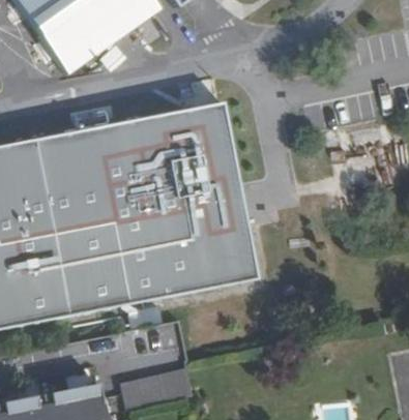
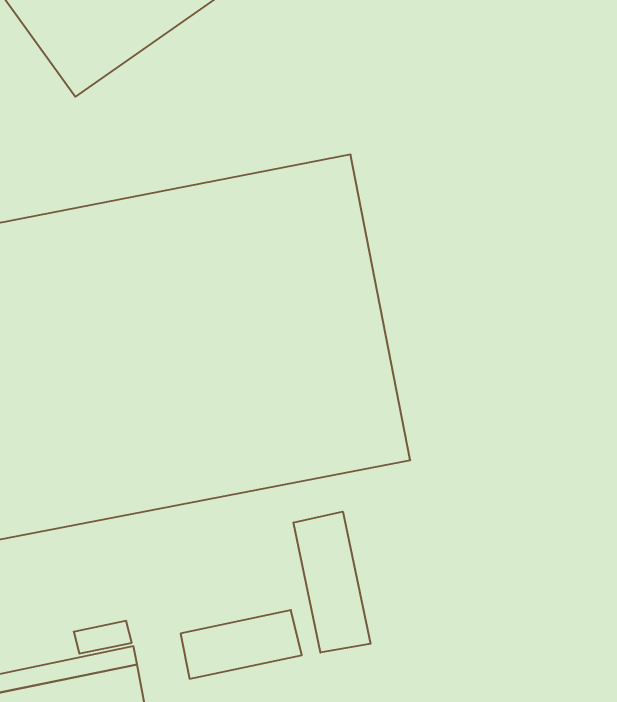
building: none -> [294,512,371,653]

